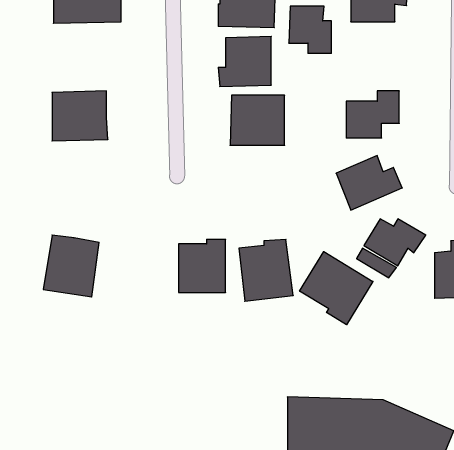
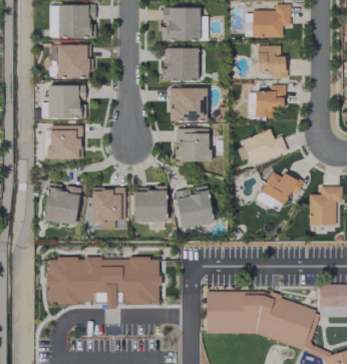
building: [289,6,331,53] -> [257,45,286,77]
building: none -> [56,44,91,78]
building: none -> [48,126,82,158]
building: none -> [177,128,210,161]
building: none -> [91,188,125,229]
building: [300,252,373,325] -> none
building: none -> [48,258,159,309]

